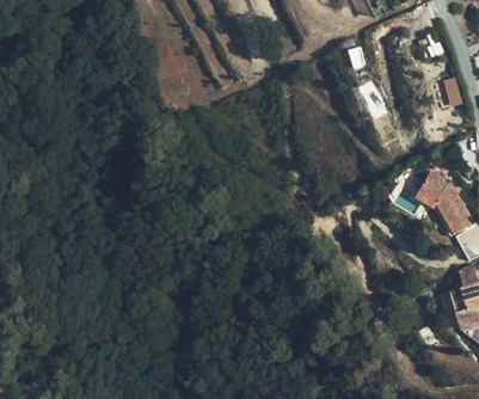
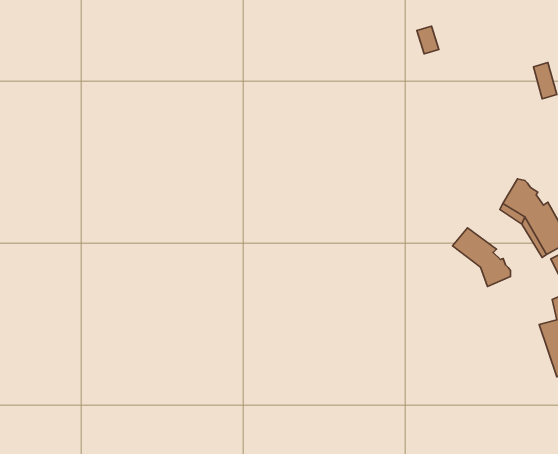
building: none -> [453,228,511,287]

